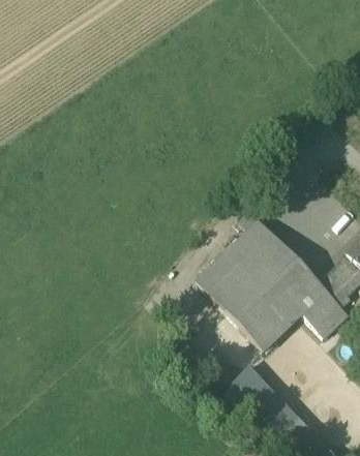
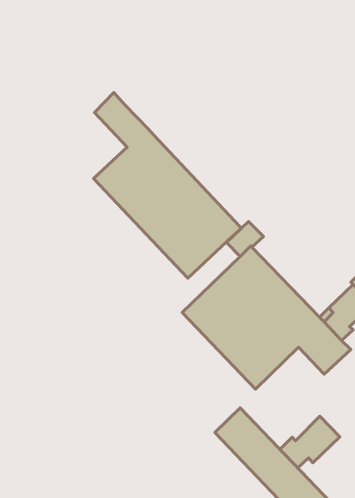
building: none -> [93,93,241,278]
building: none -> [280,416,340,468]

